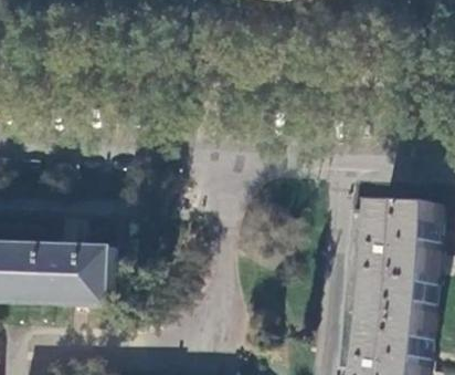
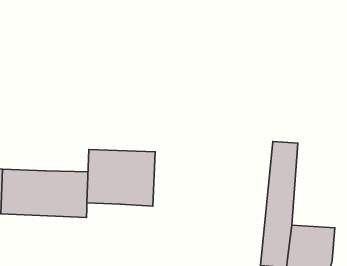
building: [374,201,440,319] -> none
building: none -> [87,149,155,206]

